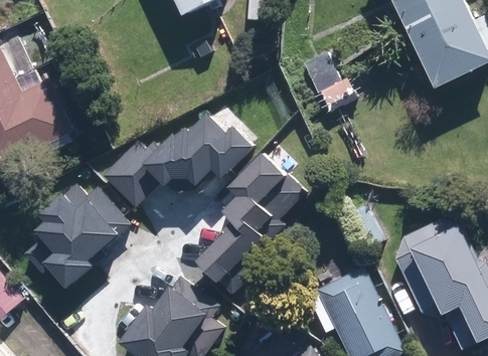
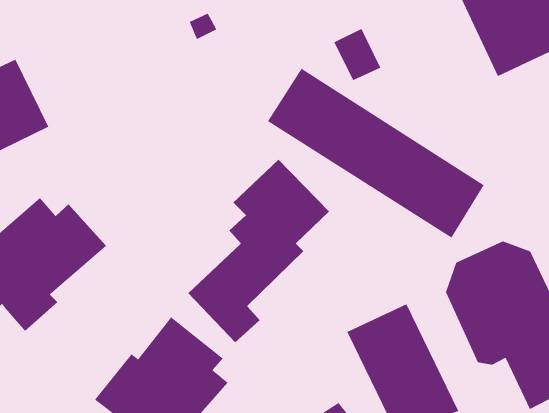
building: none -> [267,68,485,239]
building: [104,117,250,207] -> none

